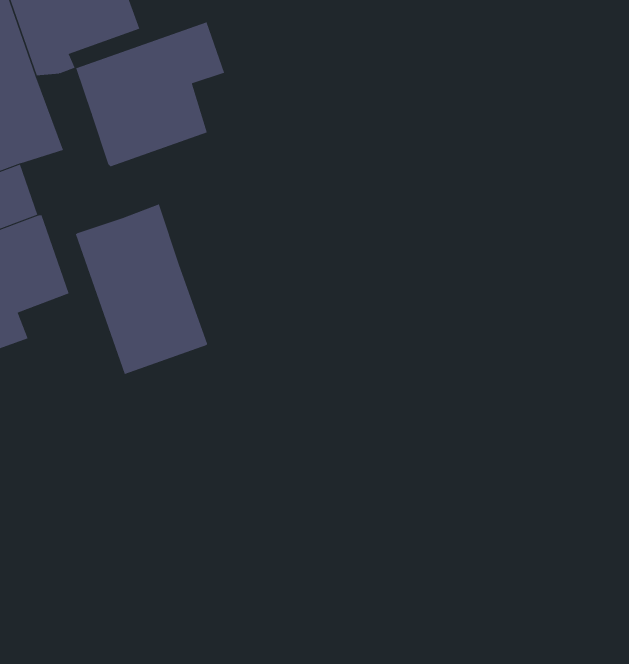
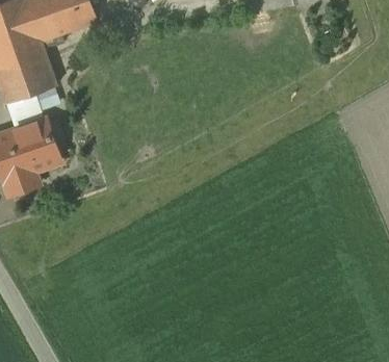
building: [75,22,225,167] -> none
building: [75,203,208,375] -> none

